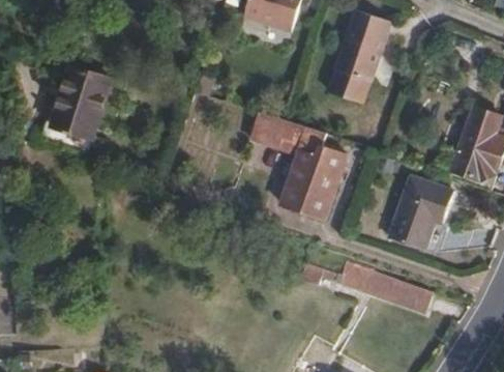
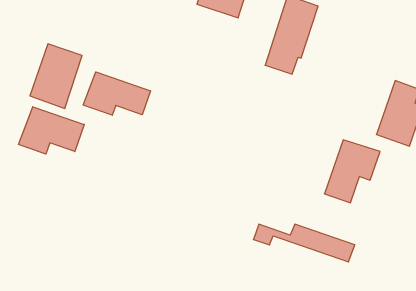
building: none -> [83,72,150,115]
building: [266,118,348,220] -> none
building: none -> [19,107,84,154]

